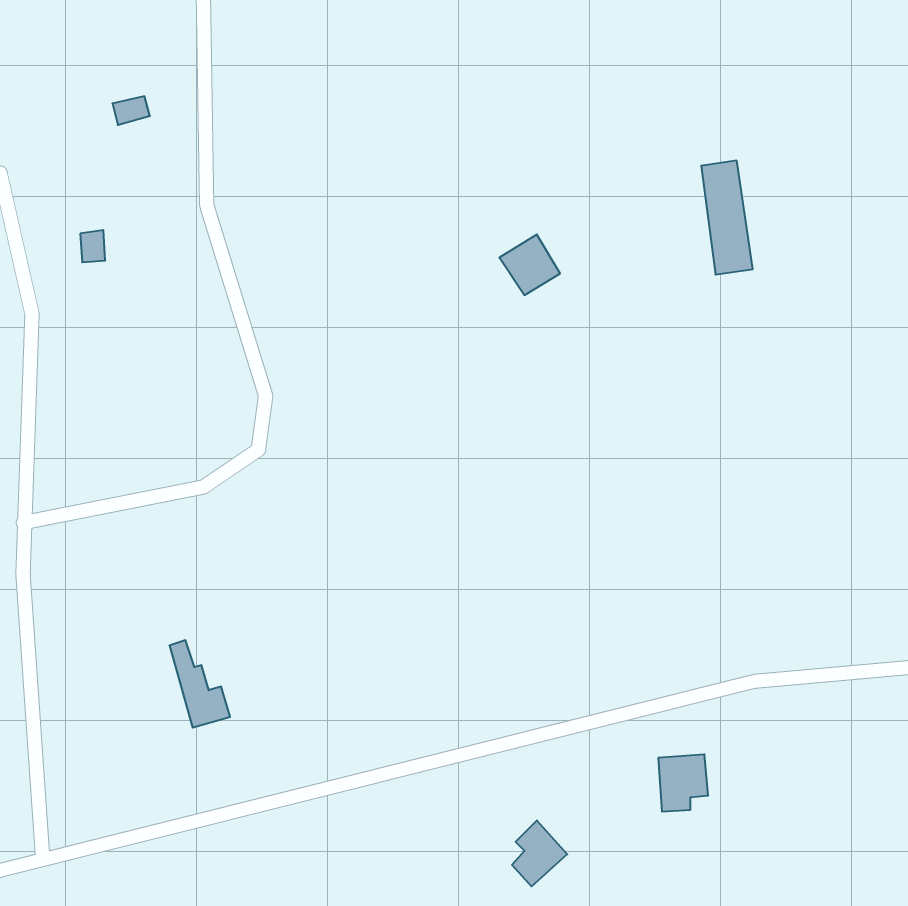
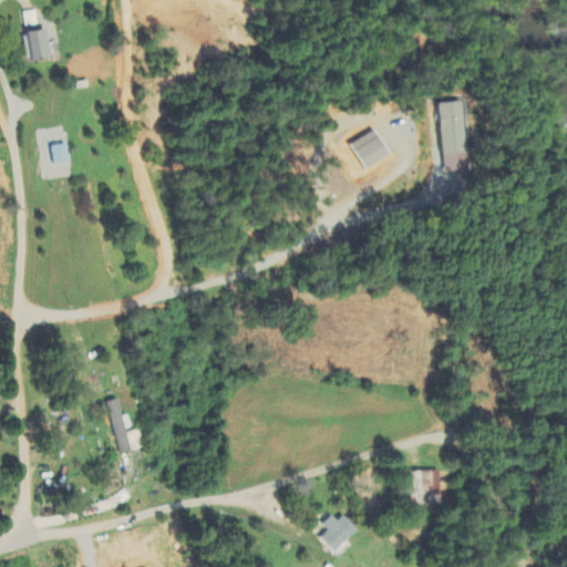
building: none -> [24,29,50,59]
building: [499,234,560,295] -> [351,130,389,167]

